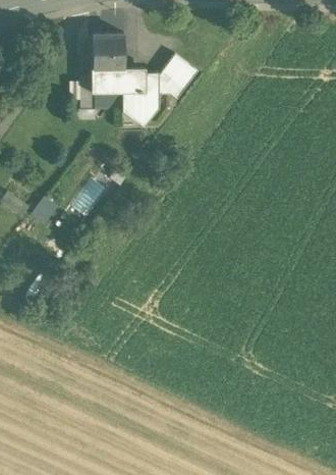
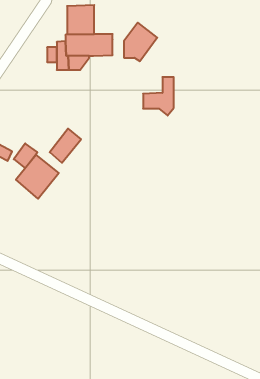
building: [123,73,159,118] -> [143,77,174,116]
building: none -> [16,155,59,199]

